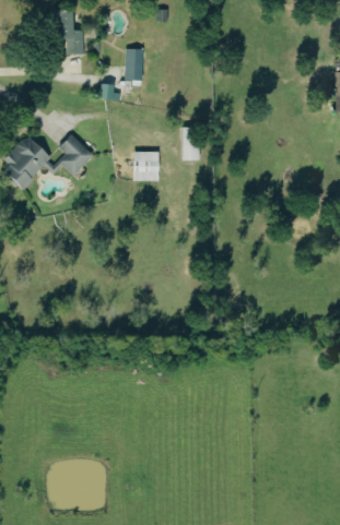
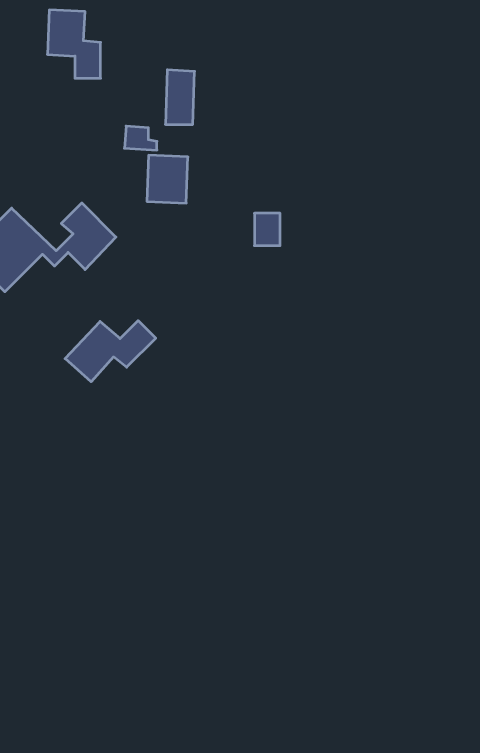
building: [131,151,157,181] -> [147,155,188,203]
building: none -> [65,321,156,382]

